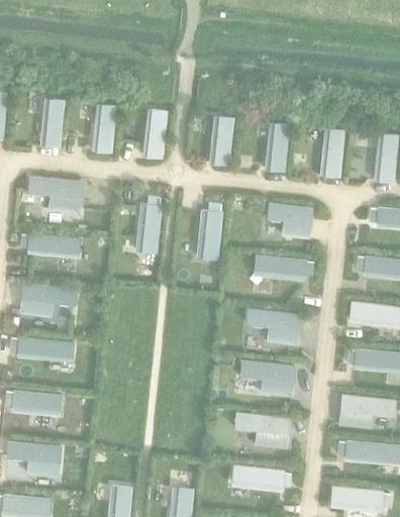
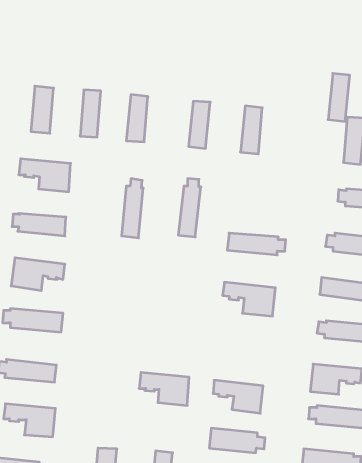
building: [320,125,343,177] -> [328,73,350,121]
building: [267,202,313,237] -> none
building: [240,359,294,395] -> [139,372,189,405]

